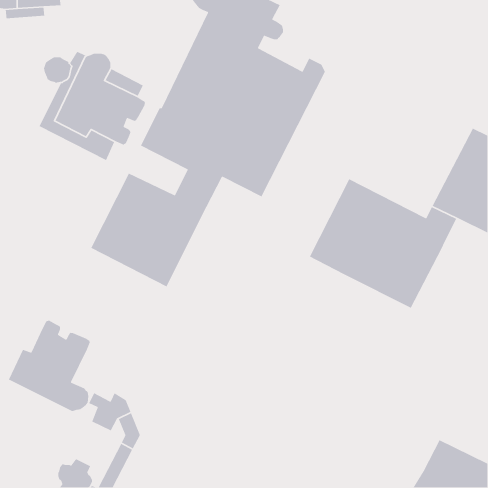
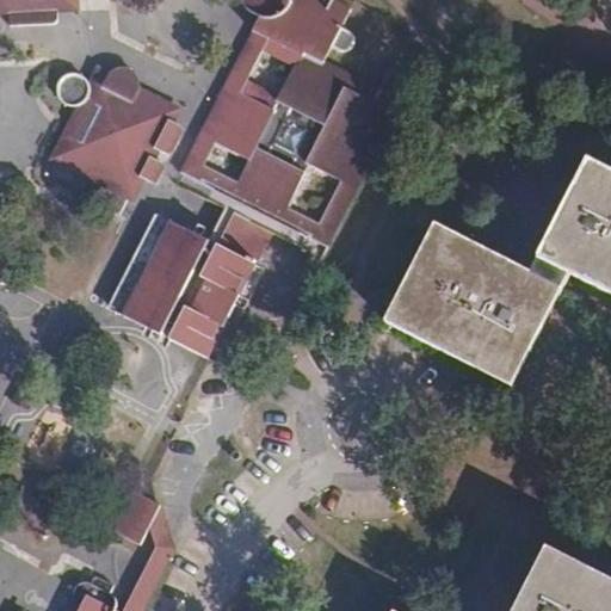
building: [8,320,91,412] -> none

